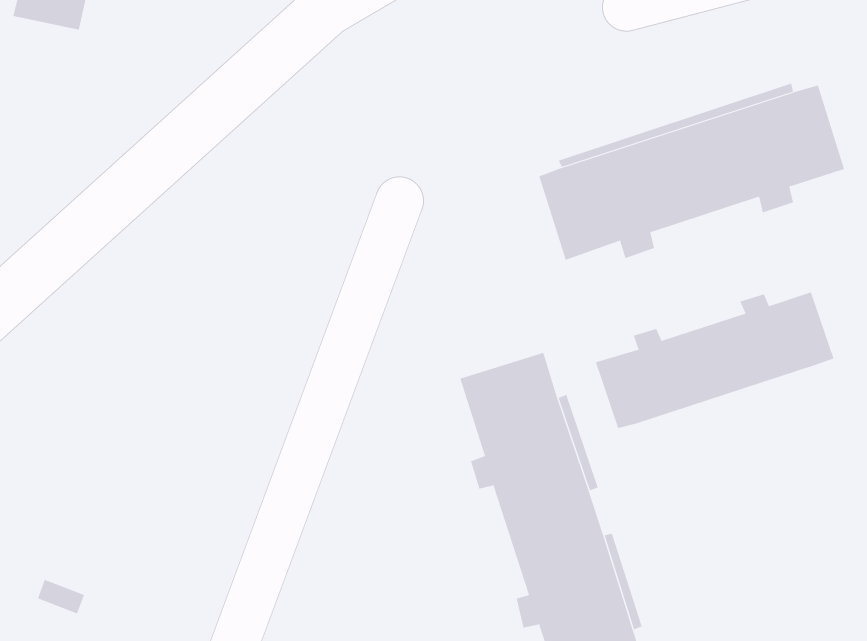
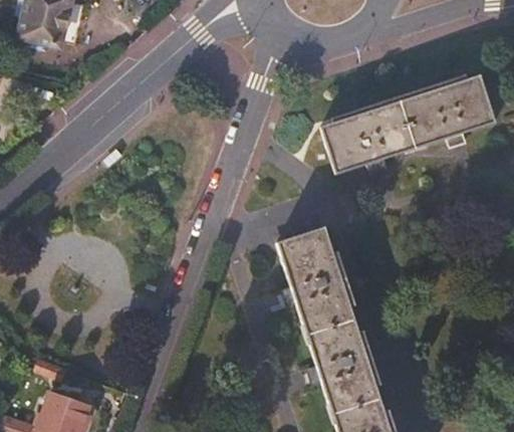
building: [595,292,834,429] -> none

